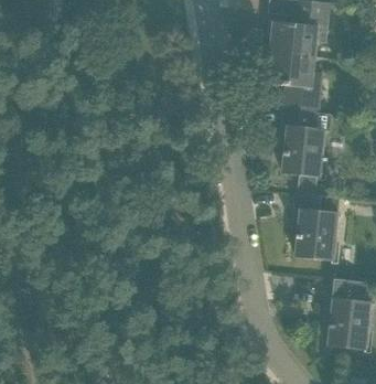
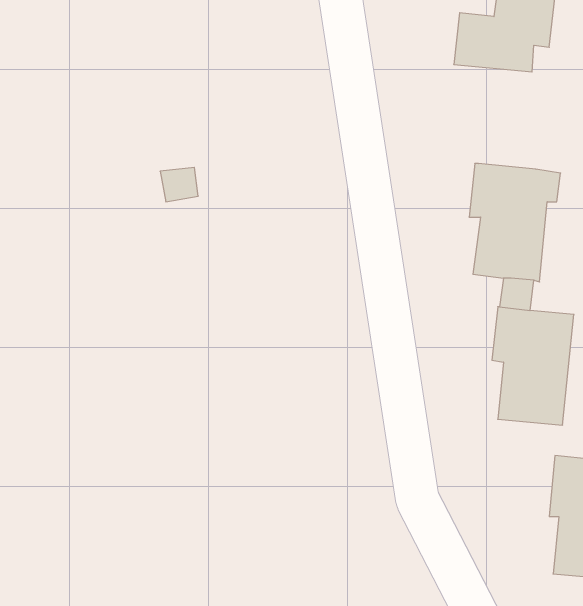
building: [267,51,322,111] -> none

